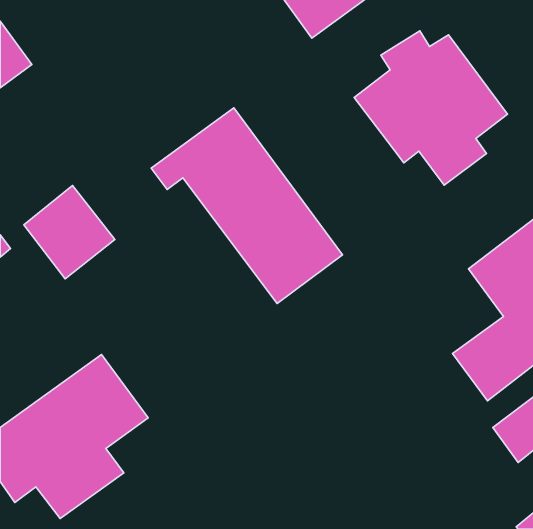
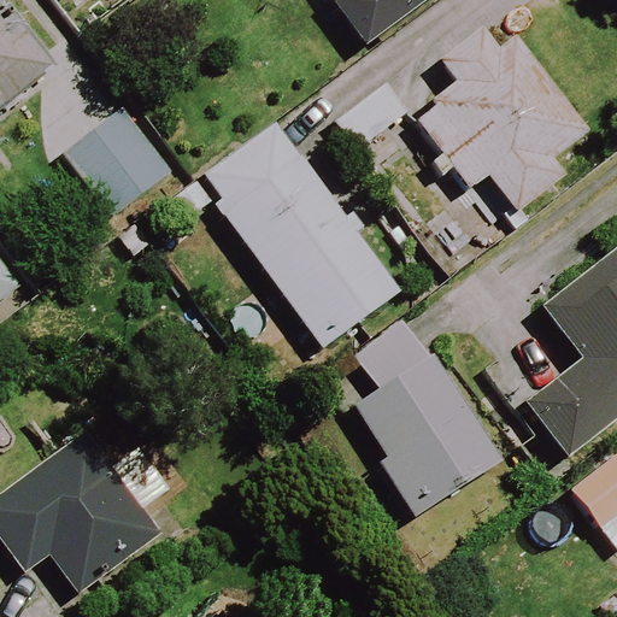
building: [24,186,115,279] -> [66,107,170,213]
building: none -> [348,316,504,513]

